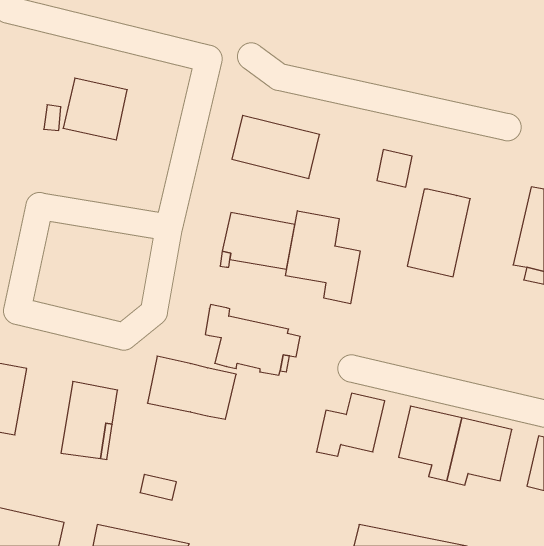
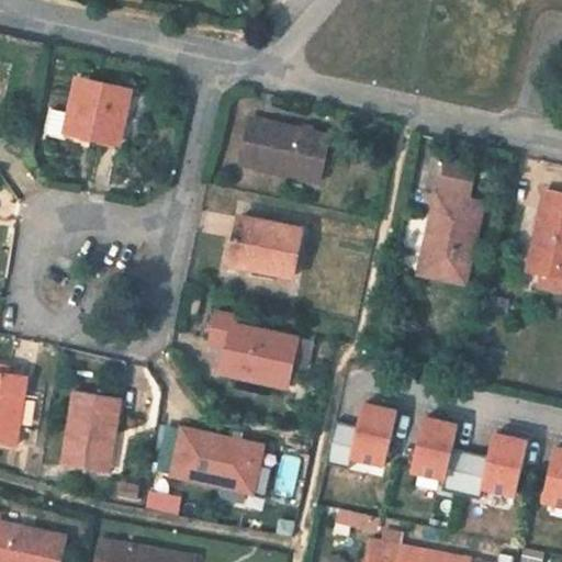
building: [377,150,412,187] -> [439,162,475,201]
building: [286,211,360,304] -> none
building: [147,356,236,419] -> [171,428,262,493]

